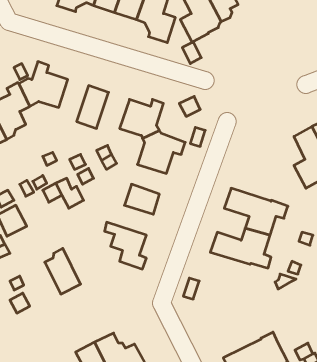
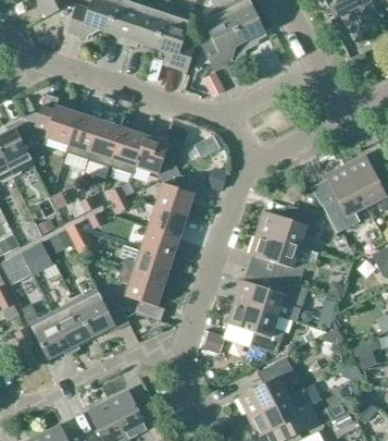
building: none -> [65,113,101,159]
building: none -> [110,127,146,174]
building: none -> [148,206,186,238]
building: none -> [256,207,321,246]
building: none -> [22,241,53,273]
building: none -> [121,250,172,283]
building: none -> [73,291,129,336]
building: none -> [227,302,284,353]
building: none -> [22,305,71,359]
building: none -> [238,357,297,417]

